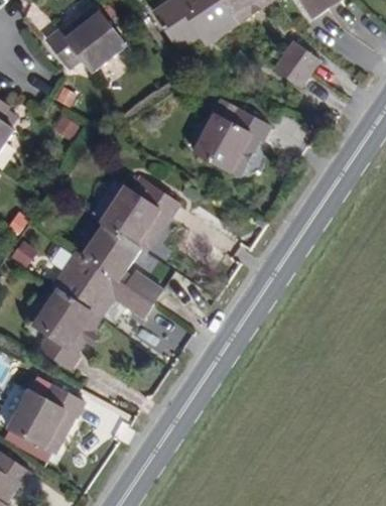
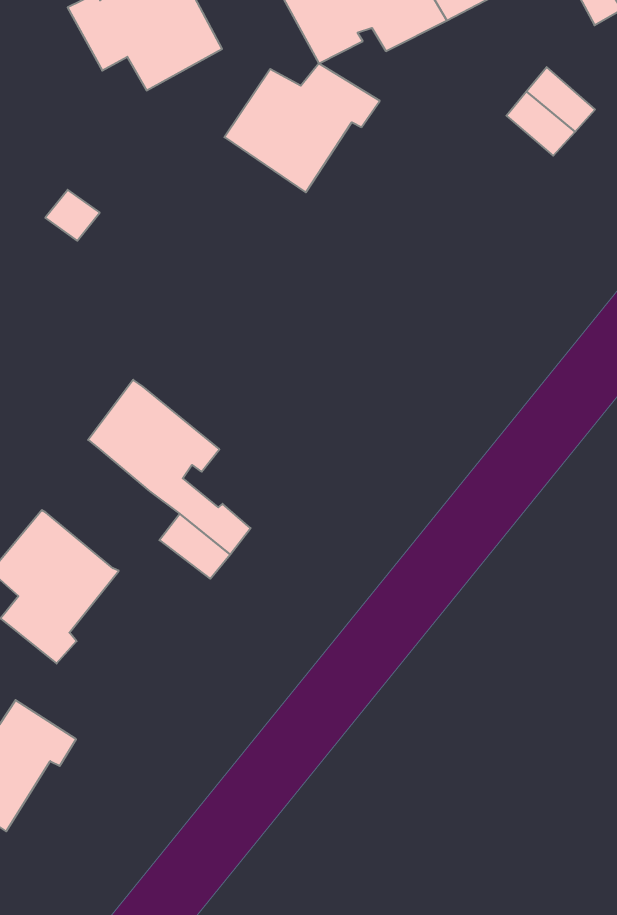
building: [195,110,271,175] -> [224,63,380,192]
building: [102,179,181,249] -> none
building: [58,254,112,313] -> none

